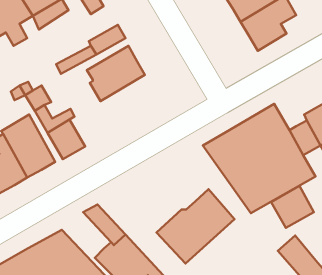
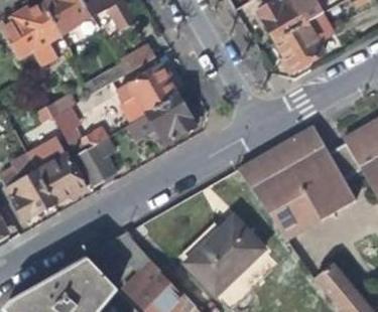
building: none -> [125,96,195,144]
building: [271,186,314,228] -> none

